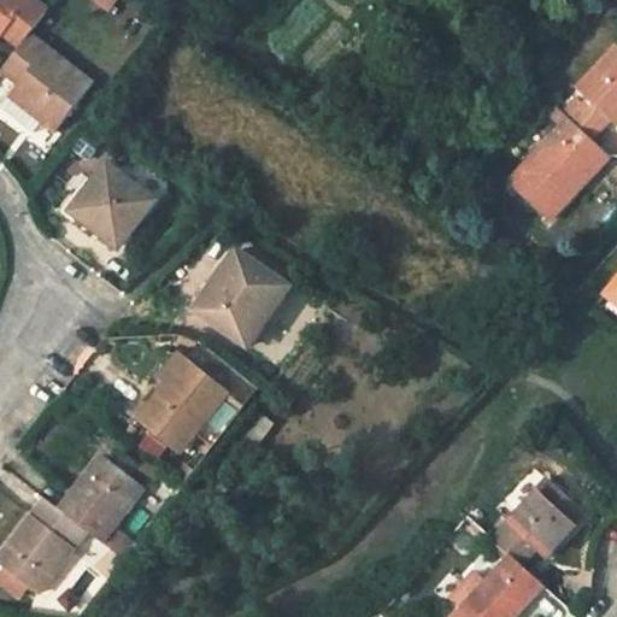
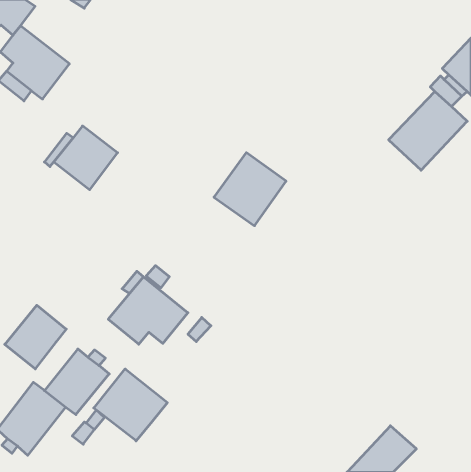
building: [193,249,287,345] -> [214,153,286,226]
building: none -> [5,305,66,369]
building: none -> [94,369,167,441]
building: [493,481,583,565] -> none

